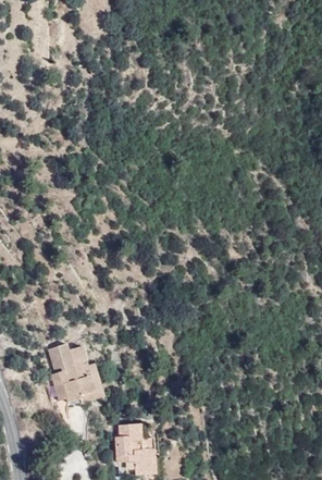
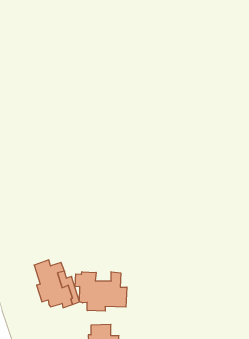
building: none -> [75,272,127,311]

